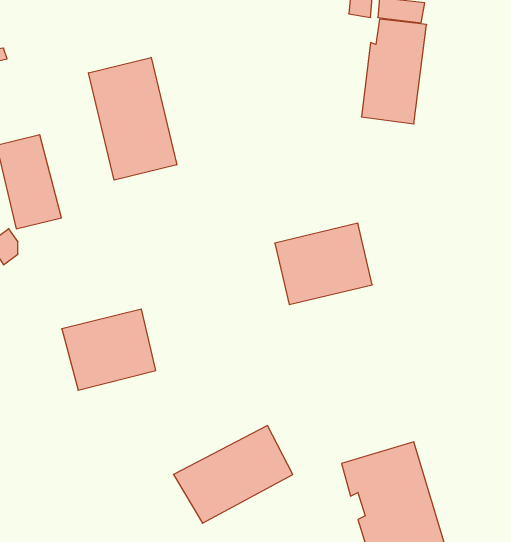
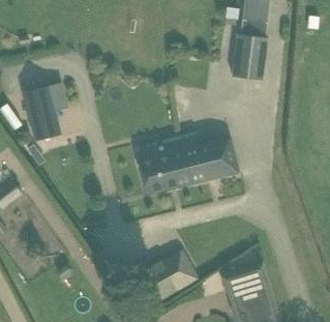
building: [88,57,177,180] -> none
building: [62,309,156,390] -> [139,147,192,194]

